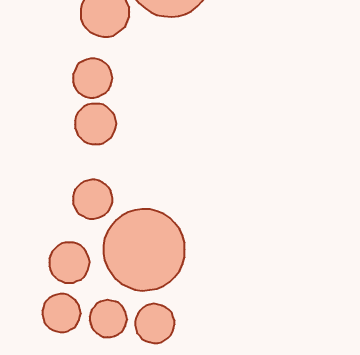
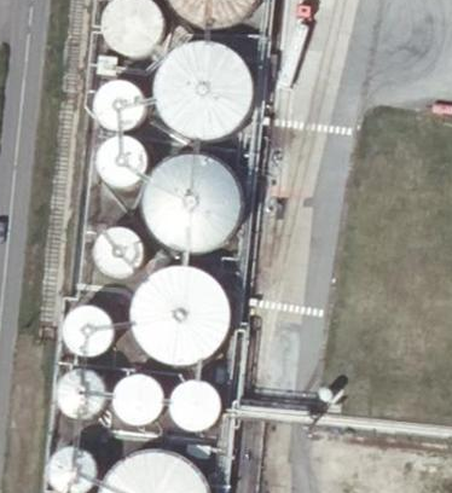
building: none -> [151,40,253,141]
building: none -> [140,152,239,253]

